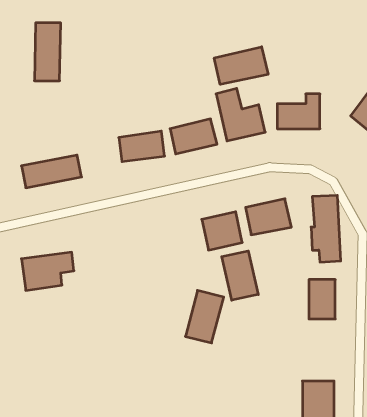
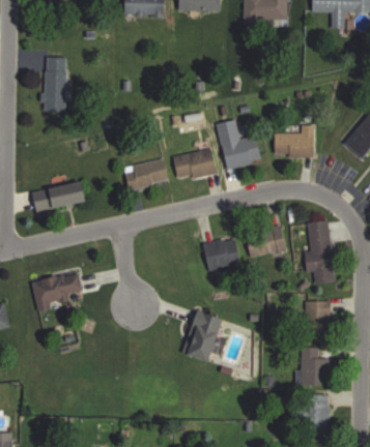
building: [214,47,268,84] -> none
building: [222,251,258,300] -> none
building: none -> [289,347,330,386]

